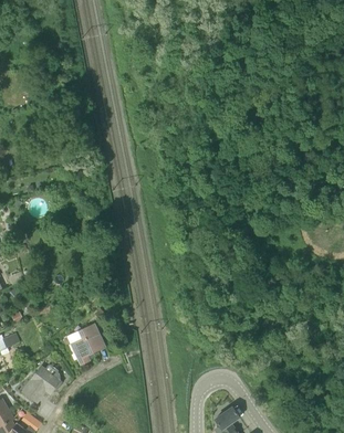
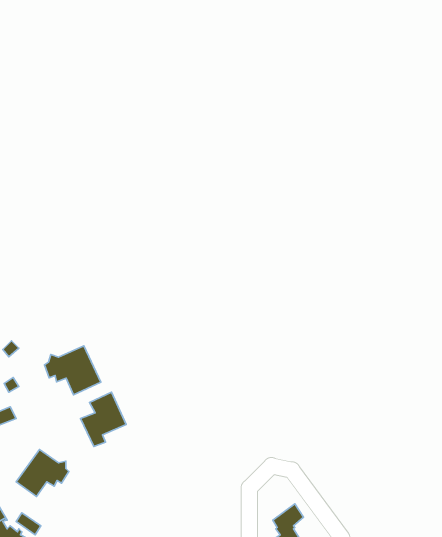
building: none -> [44,346,101,395]

